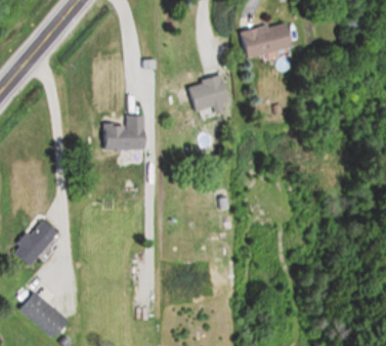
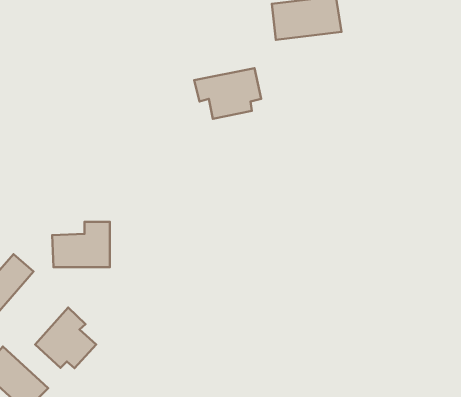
building: [101,115,145,149] -> [52,222,110,267]
building: none -> [35,307,96,368]

